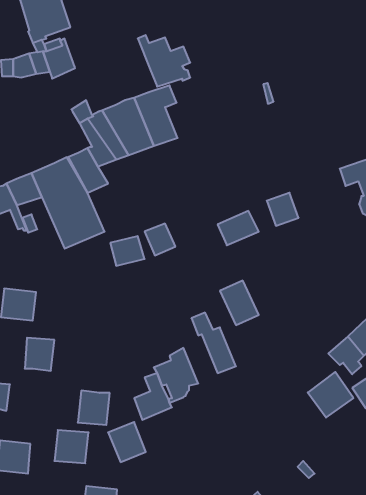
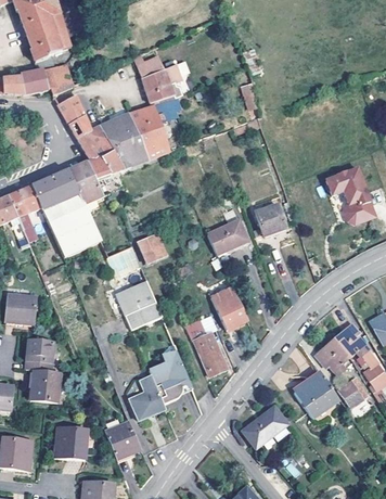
building: none -> [59,93,85,124]
building: none -> [116,281,163,329]
building: [78,391,110,425] -> [30,370,61,402]
building: none -> [243,408,287,448]

